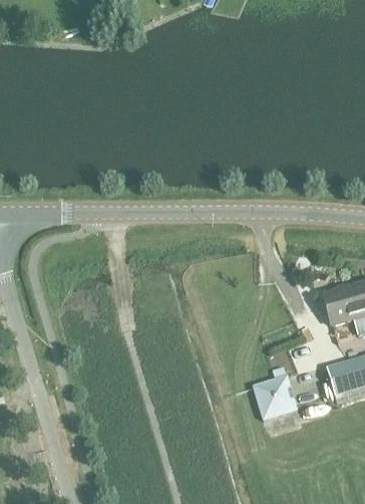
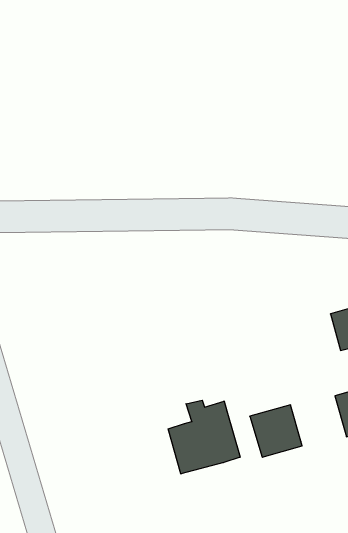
building: none -> [168,400,240,474]

